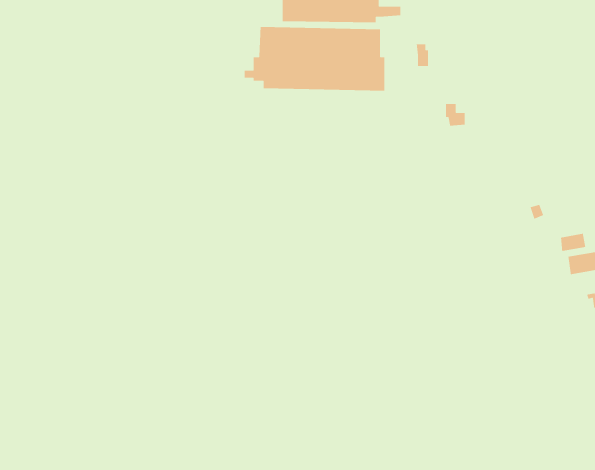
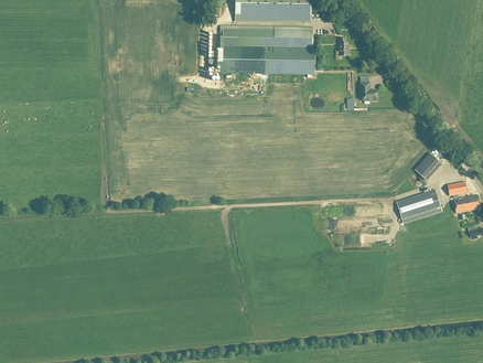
building: none -> [397,189,441,223]

